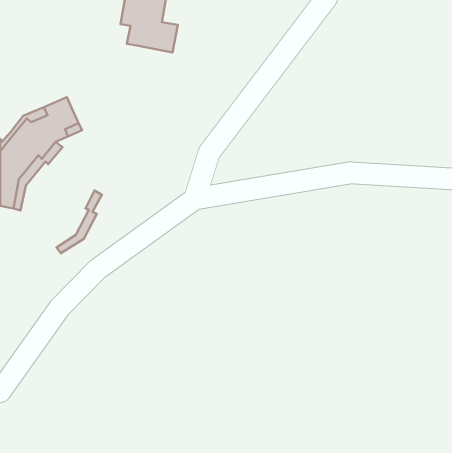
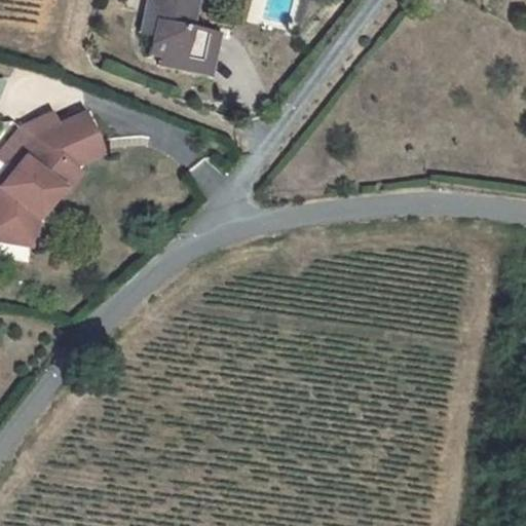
building: none -> [160,29,222,77]
building: [56,191,102,253] -> none

